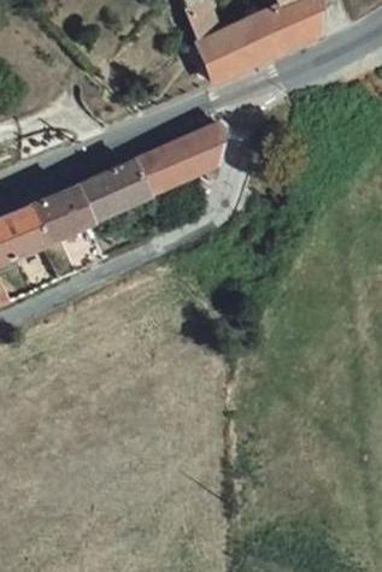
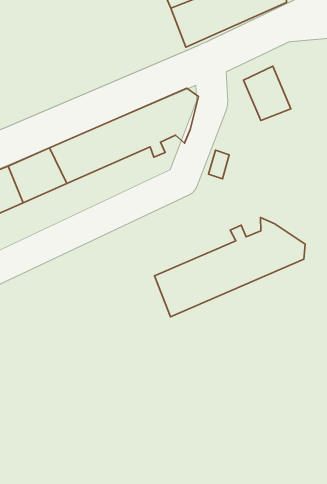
building: none -> [243,66,291,121]
building: none -> [154,218,305,317]

